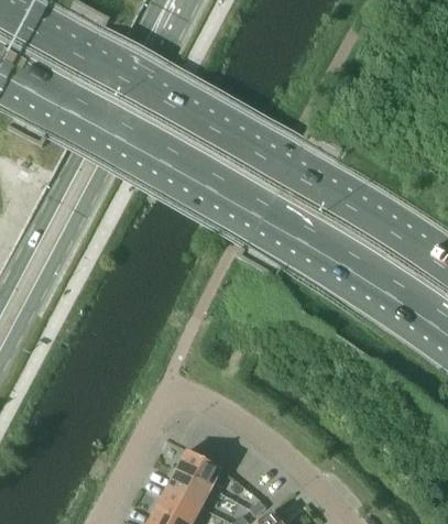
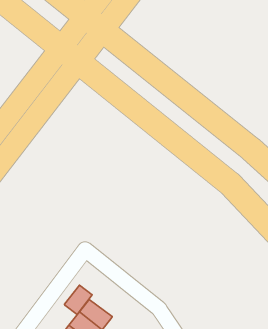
building: none -> [64,285,92,315]

